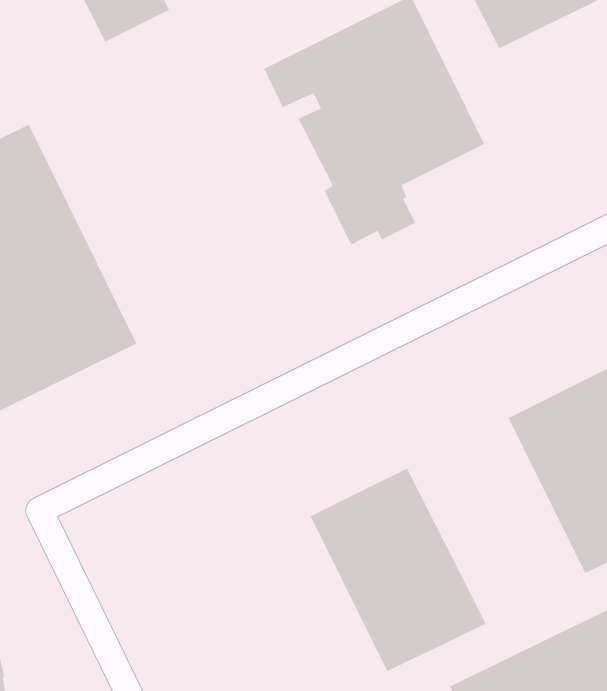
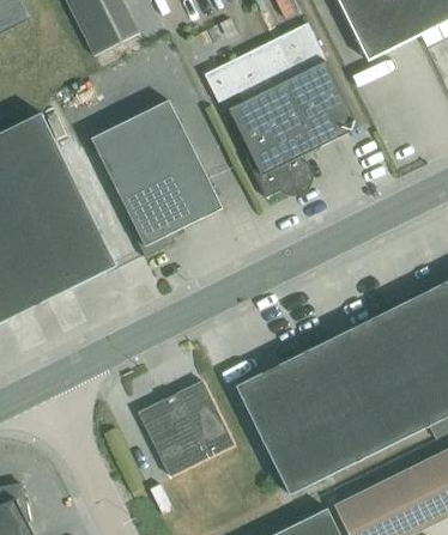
building: none -> [92,99,223,257]
building: none -> [305,317,429,461]
building: none -> [138,379,235,476]

